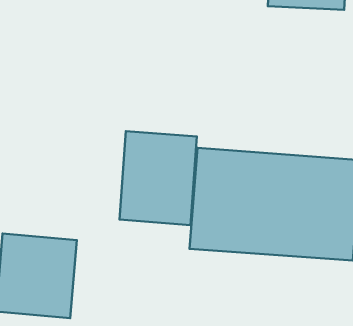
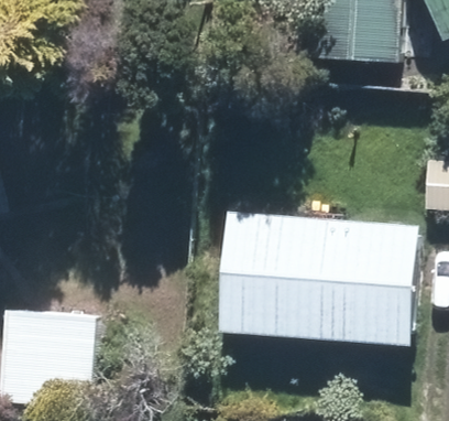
building: [119,131,197,225] -> none

